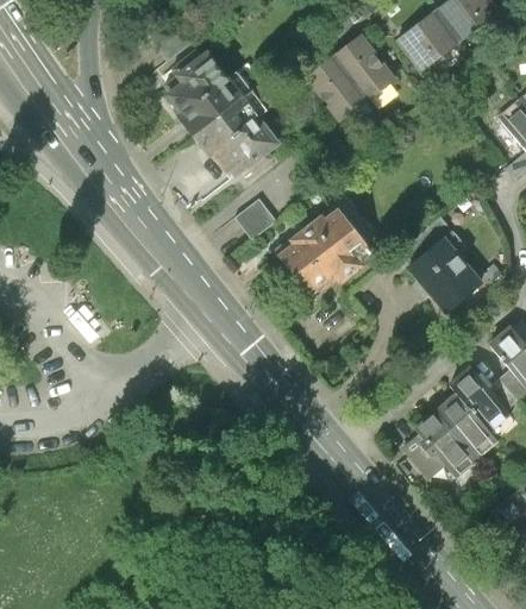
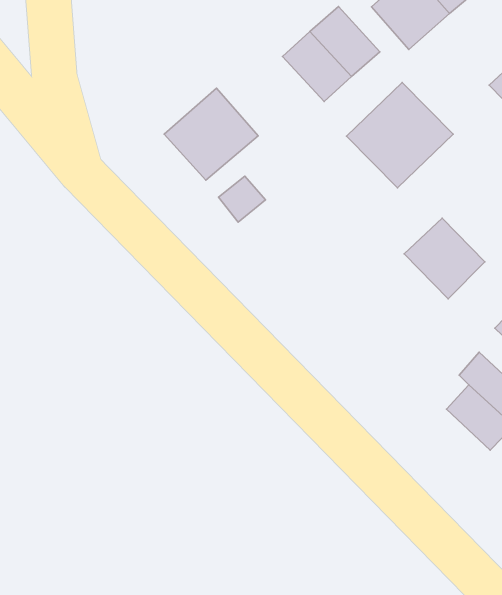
building: [157,51,244,138] -> none
building: [275,200,375,299] -> [347,82,453,188]
building: [413,416,475,479] -> none

